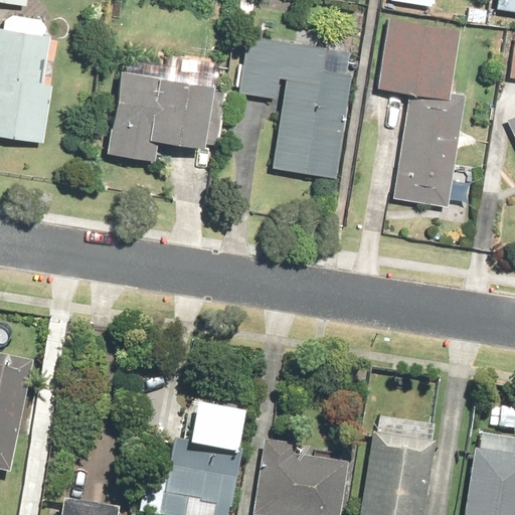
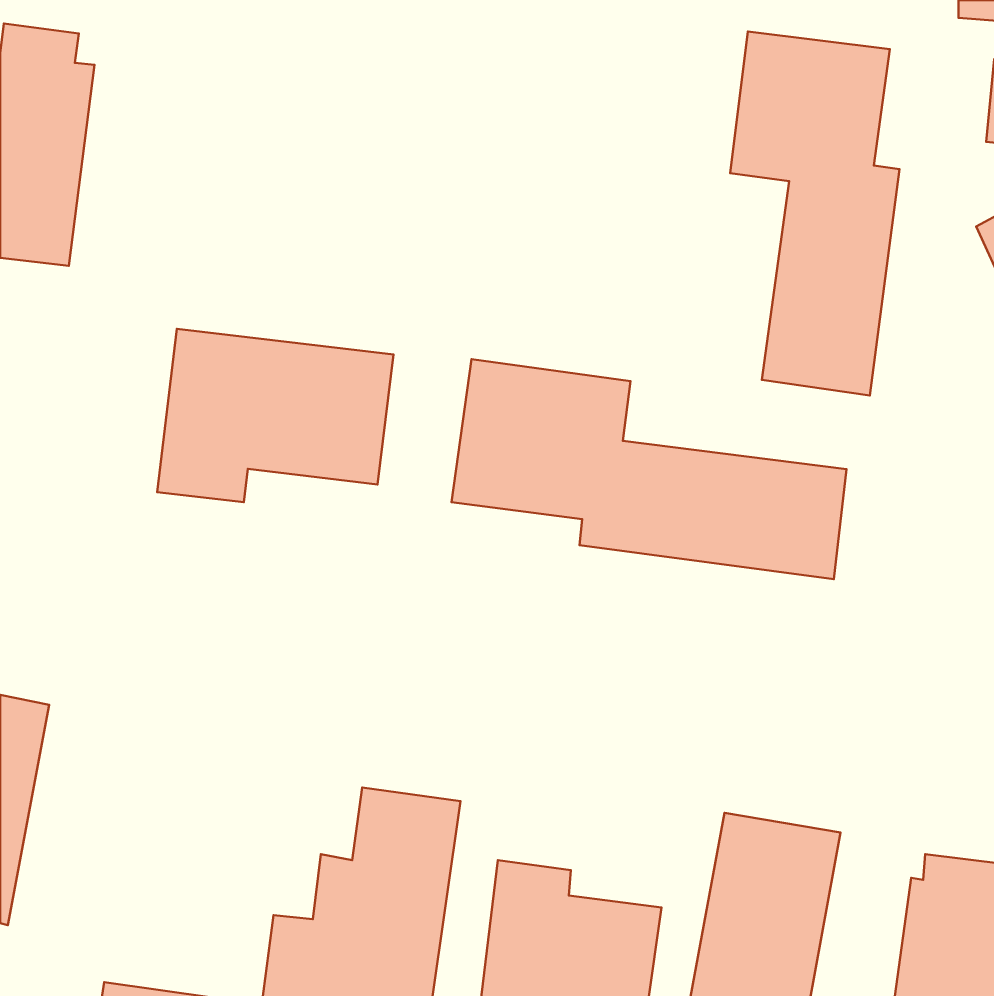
building: [237,32,351,179] -> none
building: [107,70,227,159] -> [157,329,393,502]
building: none -> [452,359,846,579]

